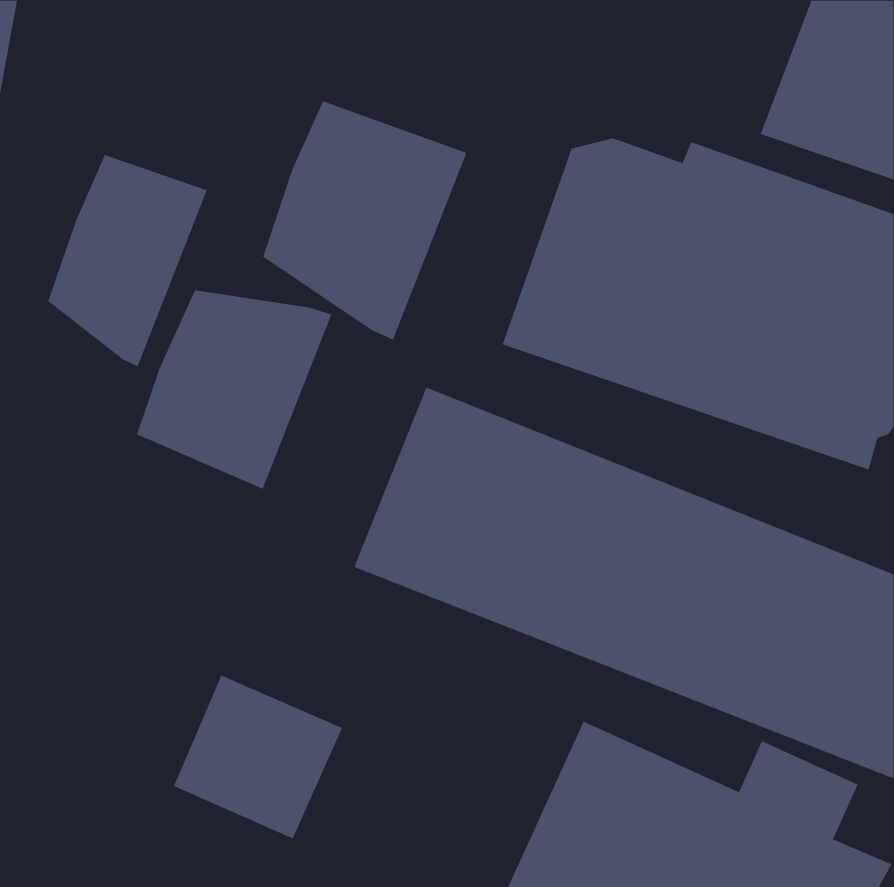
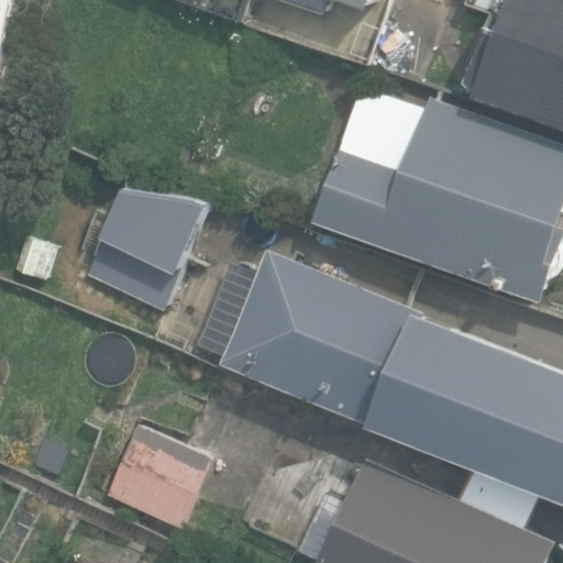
building: [262,101,467,340] -> none
building: [47,154,208,367] -> none

